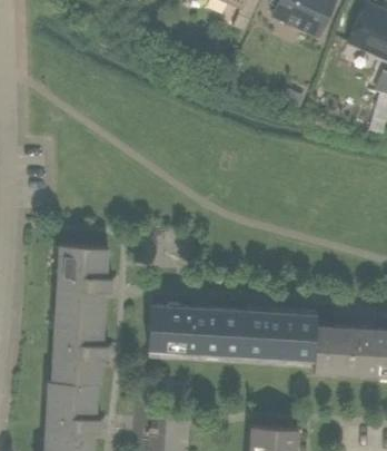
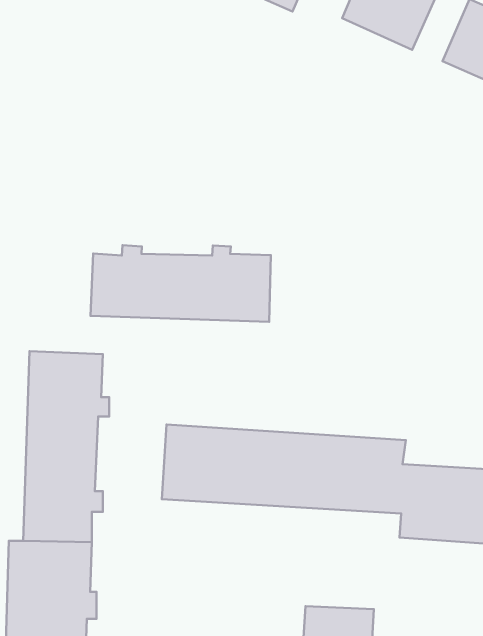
building: none -> [91,245,271,322]

